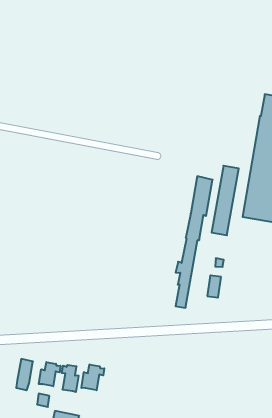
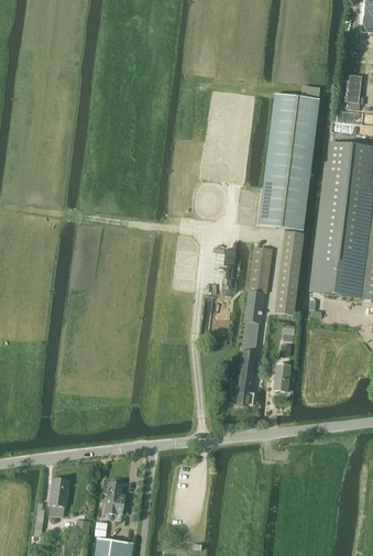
building: none -> [259,94,319,230]
building: [39,362,60,386] -> none
building: [81,364,104,390] -> none

